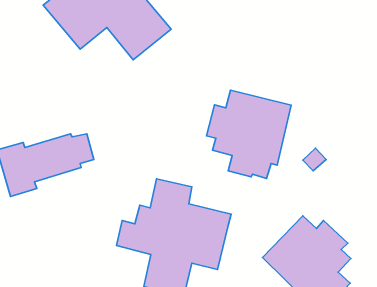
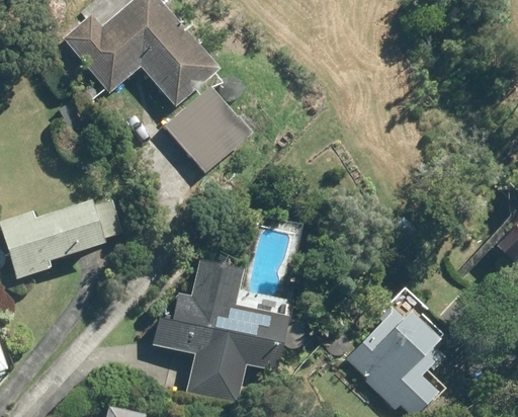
building: none -> [162,85,252,175]
building: [206,90,291,179] -> none

